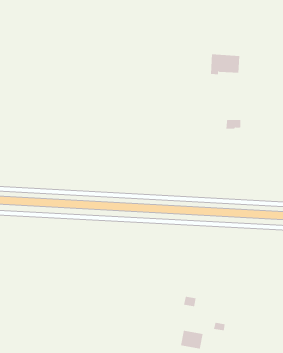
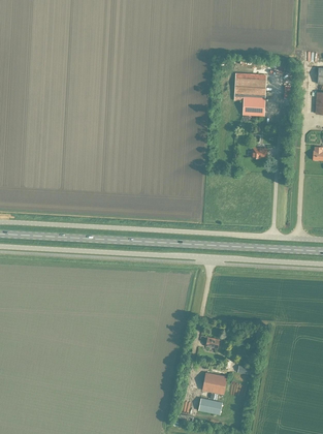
building: none -> [243,97,265,116]

